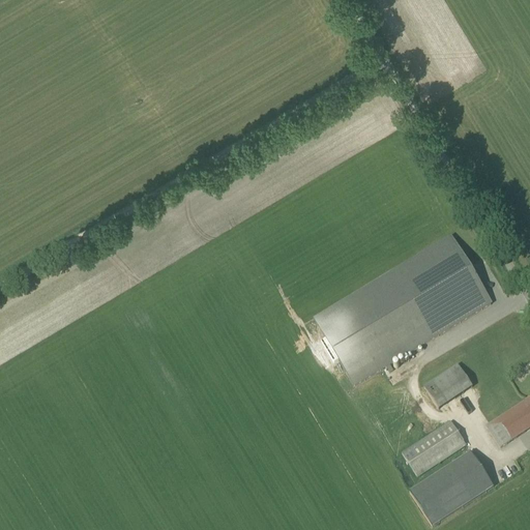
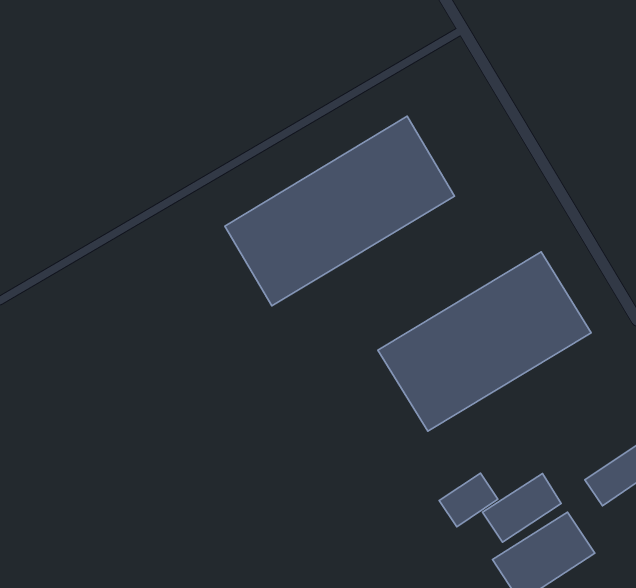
building: none -> [225,116,454,306]
building: [424,362,473,407] -> [439,473,498,527]

